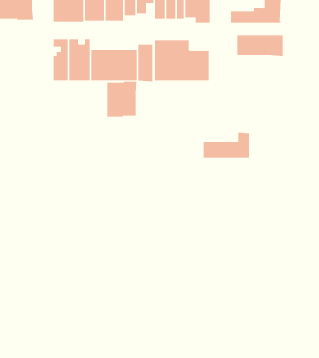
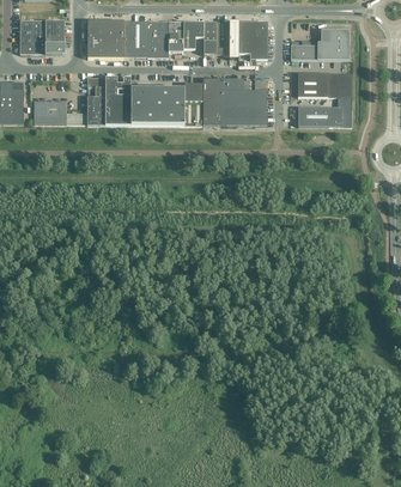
building: none -> [32,98,86,123]
building: [107,81,137,118] -> none
building: [203,132,250,158] -> [297,95,351,124]

